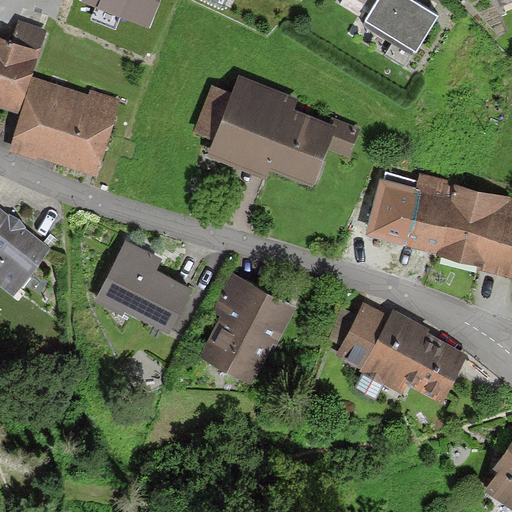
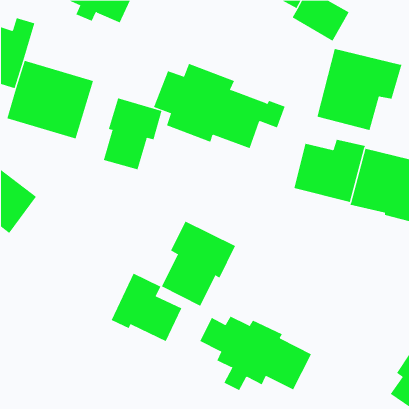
building: none -> [317,48,402,131]
building: none -> [103,97,162,170]
building: [98,243,187,329] -> [111,273,182,342]
building: [326,305,466,399] -> [200,316,312,391]

